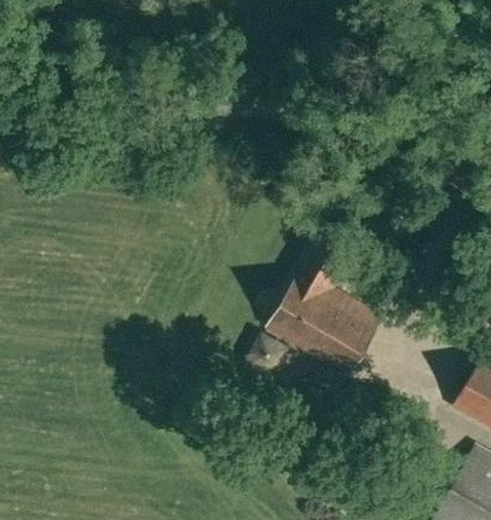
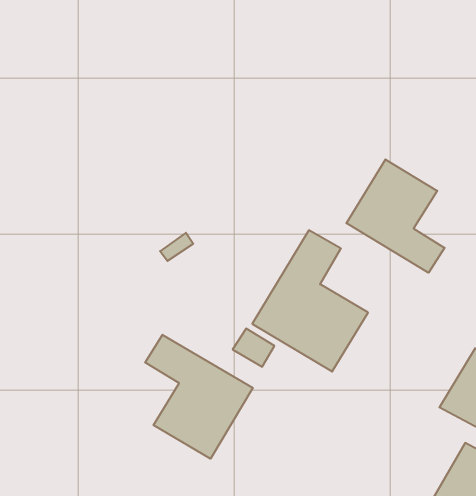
building: none -> [346,159,445,273]
building: none -> [145,335,253,459]

